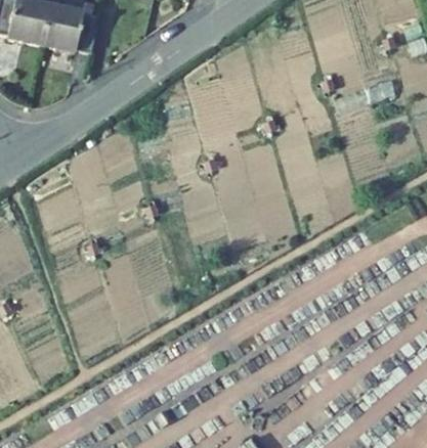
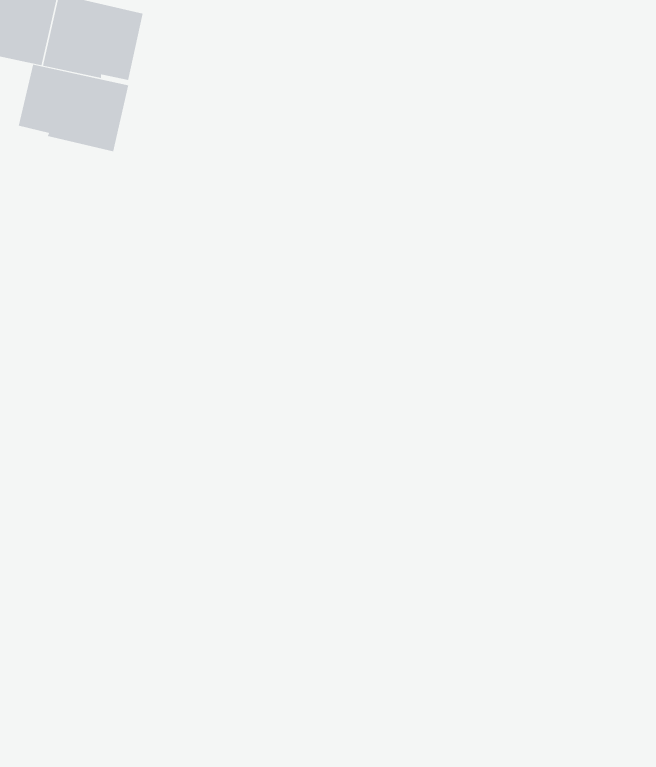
building: none -> [18,64,129,152]

